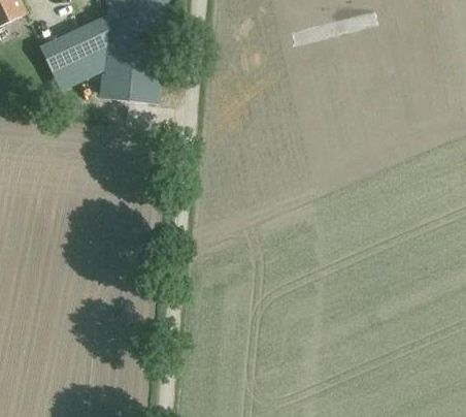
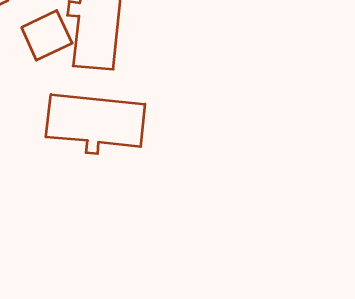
building: none -> [46,94,145,154]

